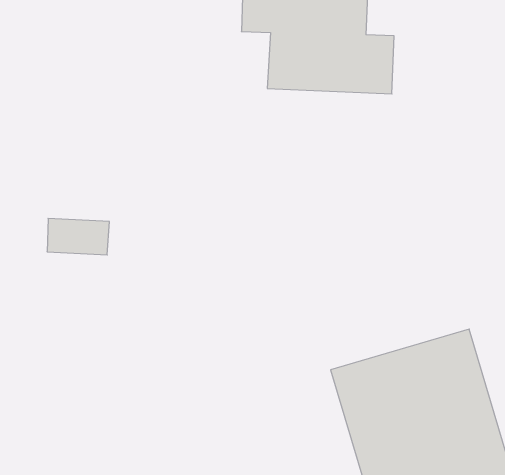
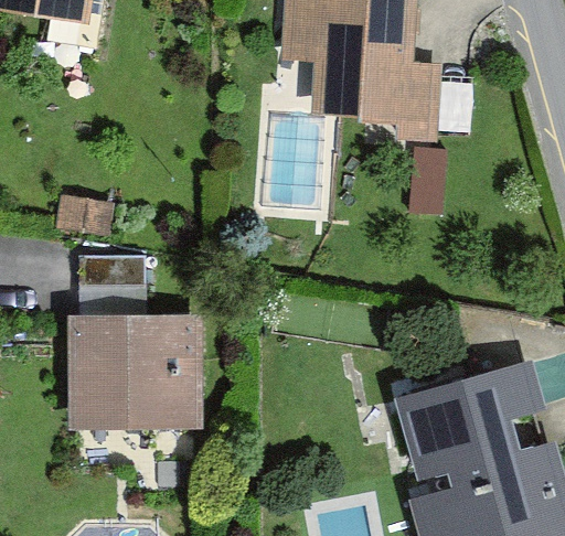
building: none -> [61,332,211,427]

